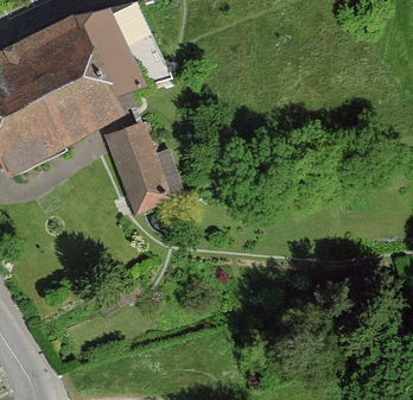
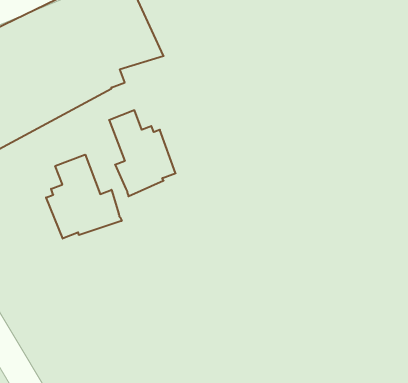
building: none -> [46,155,122,239]

